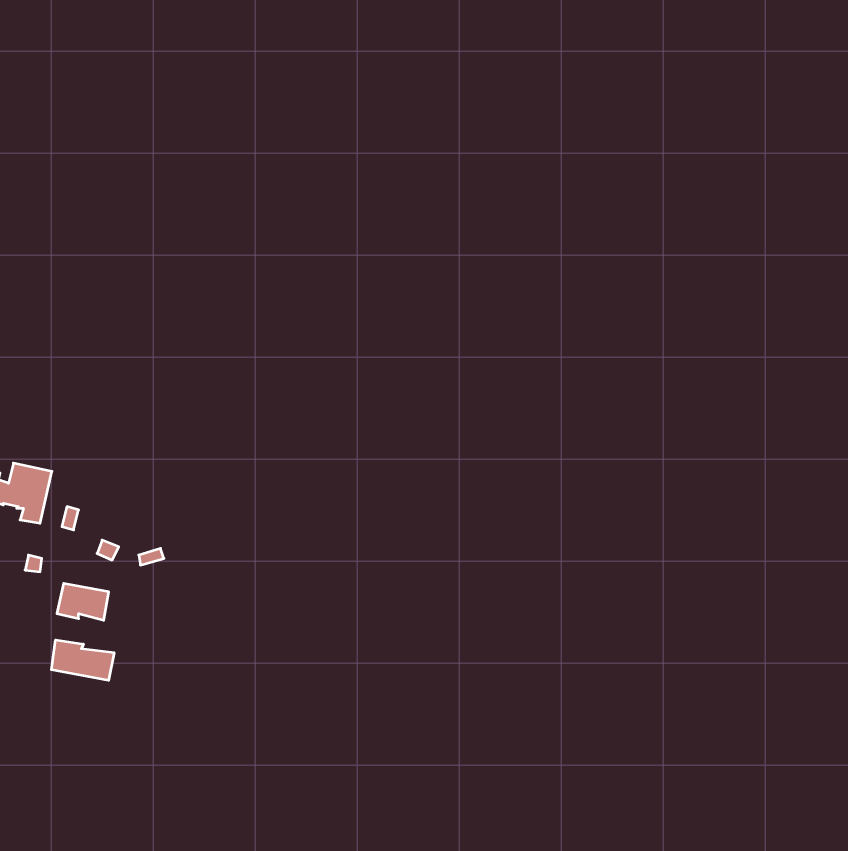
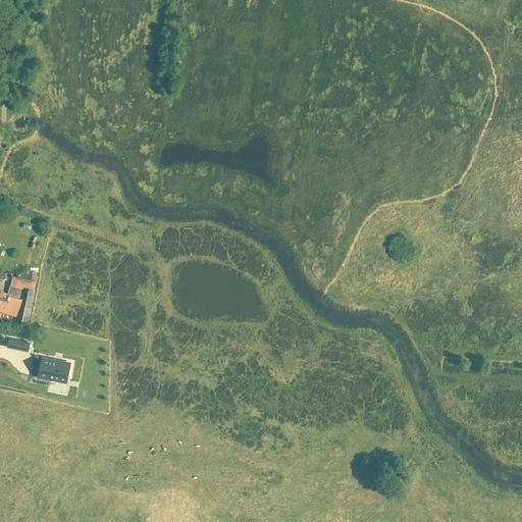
building: [51,640,114,680] -> none

